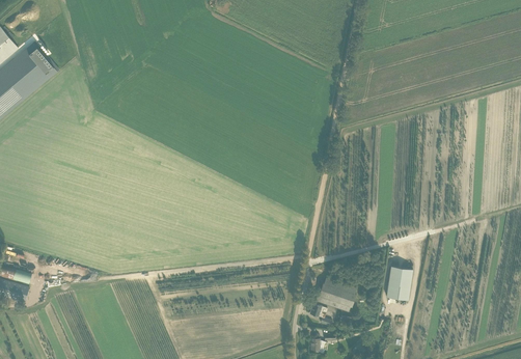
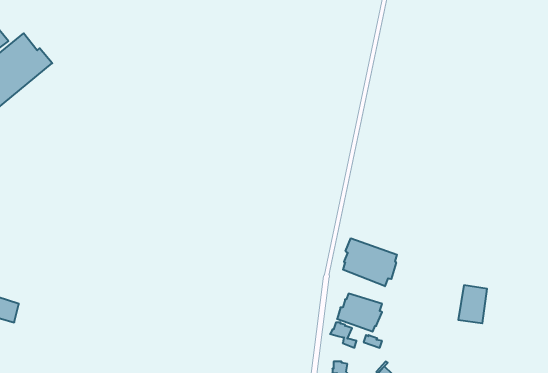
building: none -> [343,238,397,286]
building: [384,265,410,299] -> [458,285,487,323]

